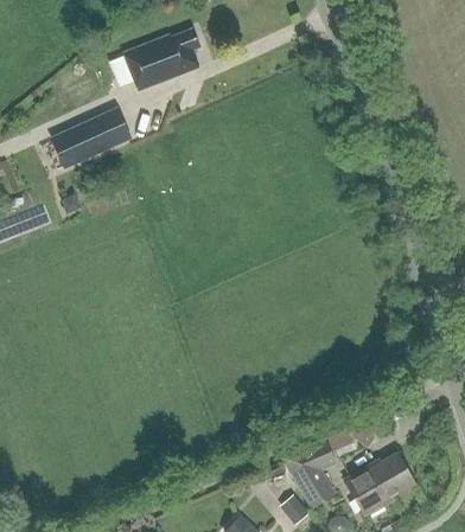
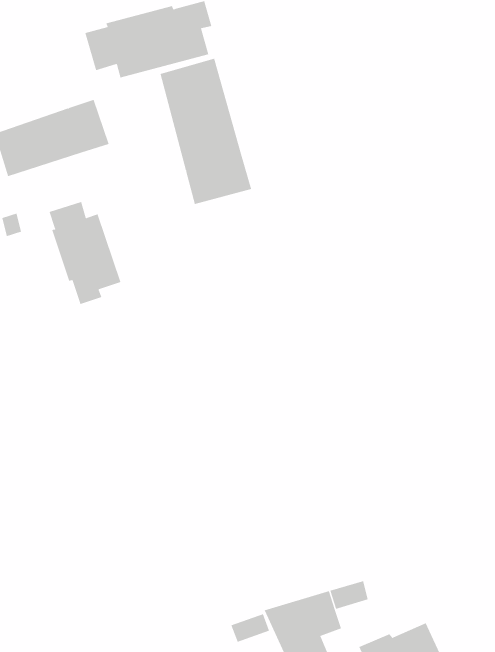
building: none -> [160,58,252,205]
building: none -> [49,201,121,305]

